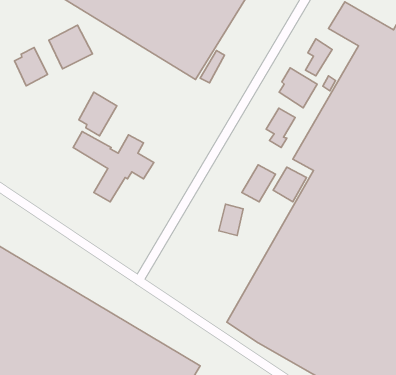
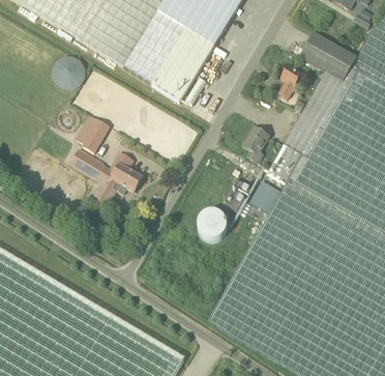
building: [14,48,48,86] -> none
building: [279,68,317,108] -> none

